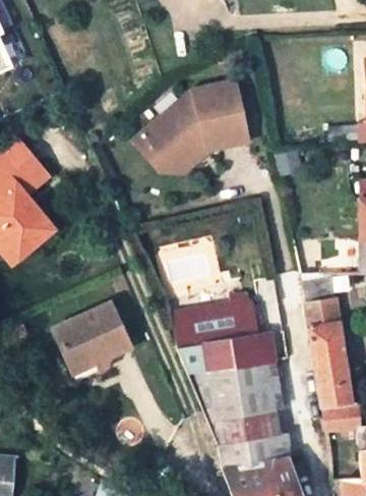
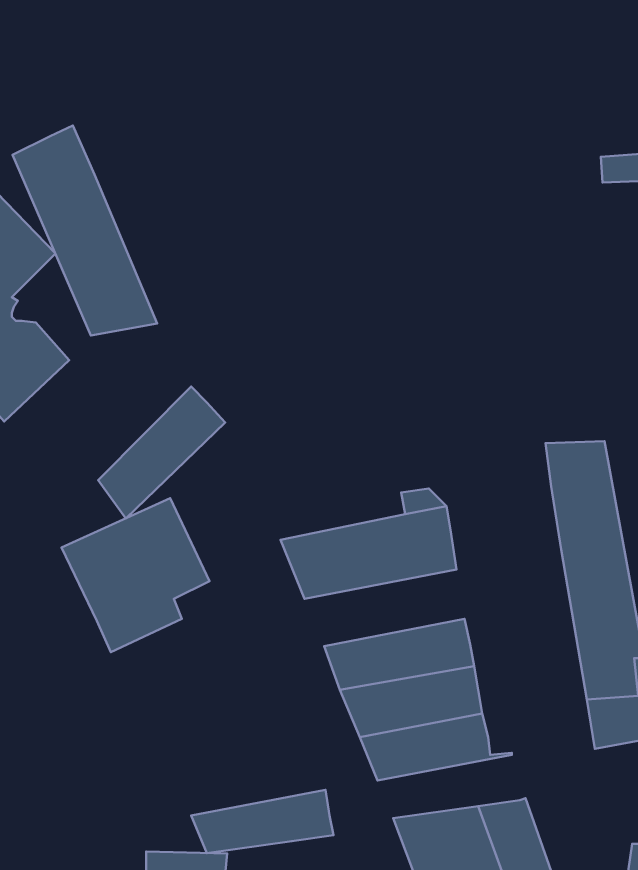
building: [137,78,253,172] -> none
building: none -> [13,125,157,335]
building: none -> [98,387,225,518]
building: [177,339,259,379] -> none
building: [215,435,288,467] -> [191,790,333,853]

